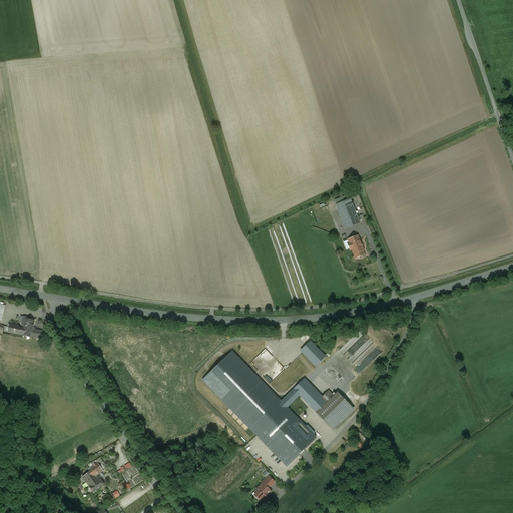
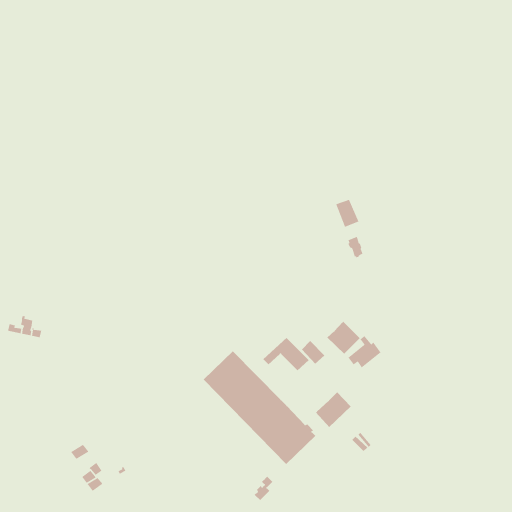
building: none -> [327,321,361,355]
building: [281,377,328,411] -> [262,337,310,371]

